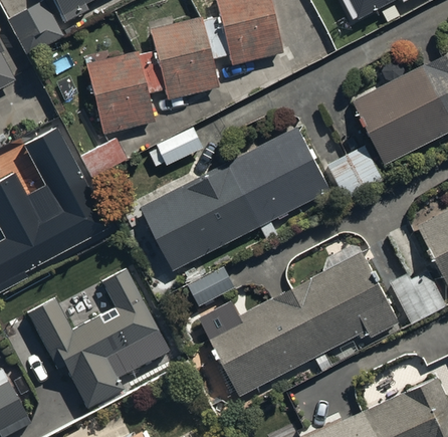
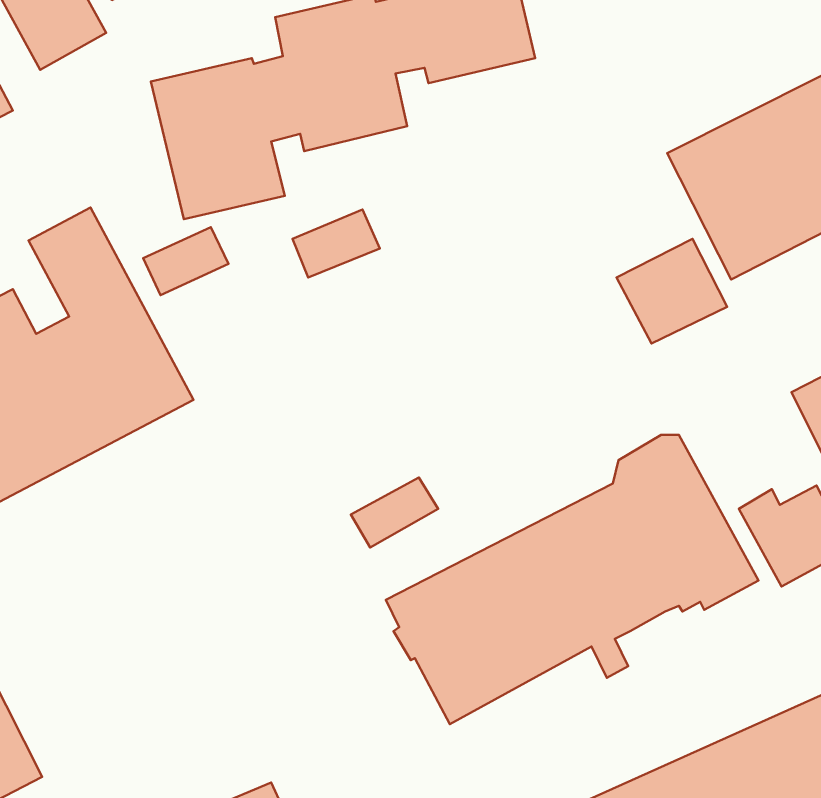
building: [141,128,328,270] -> none
building: [28,268,167,406] -> none

